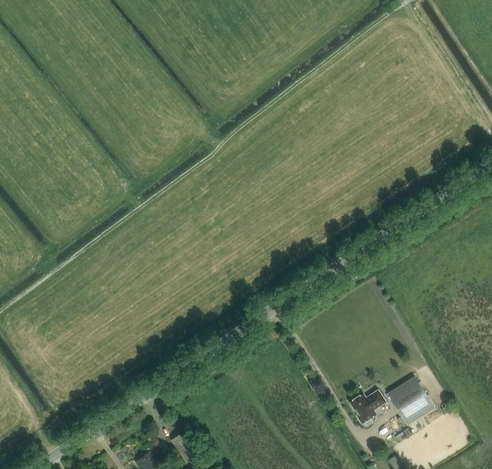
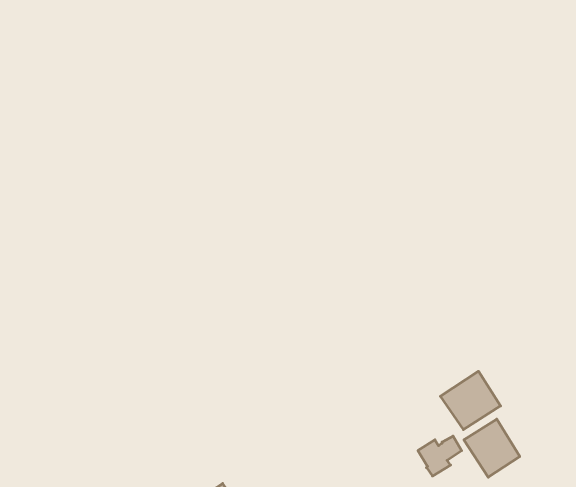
building: none -> [440,371,501,430]

